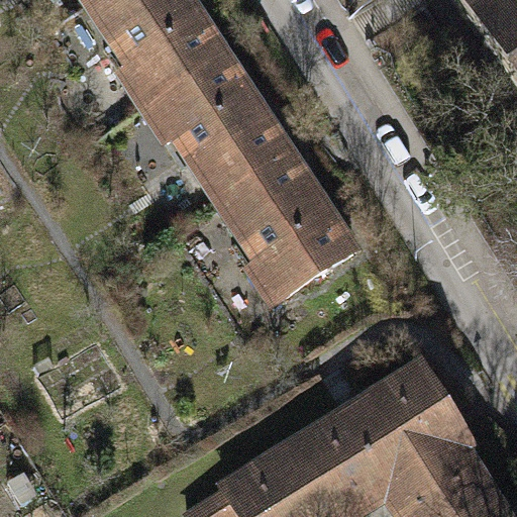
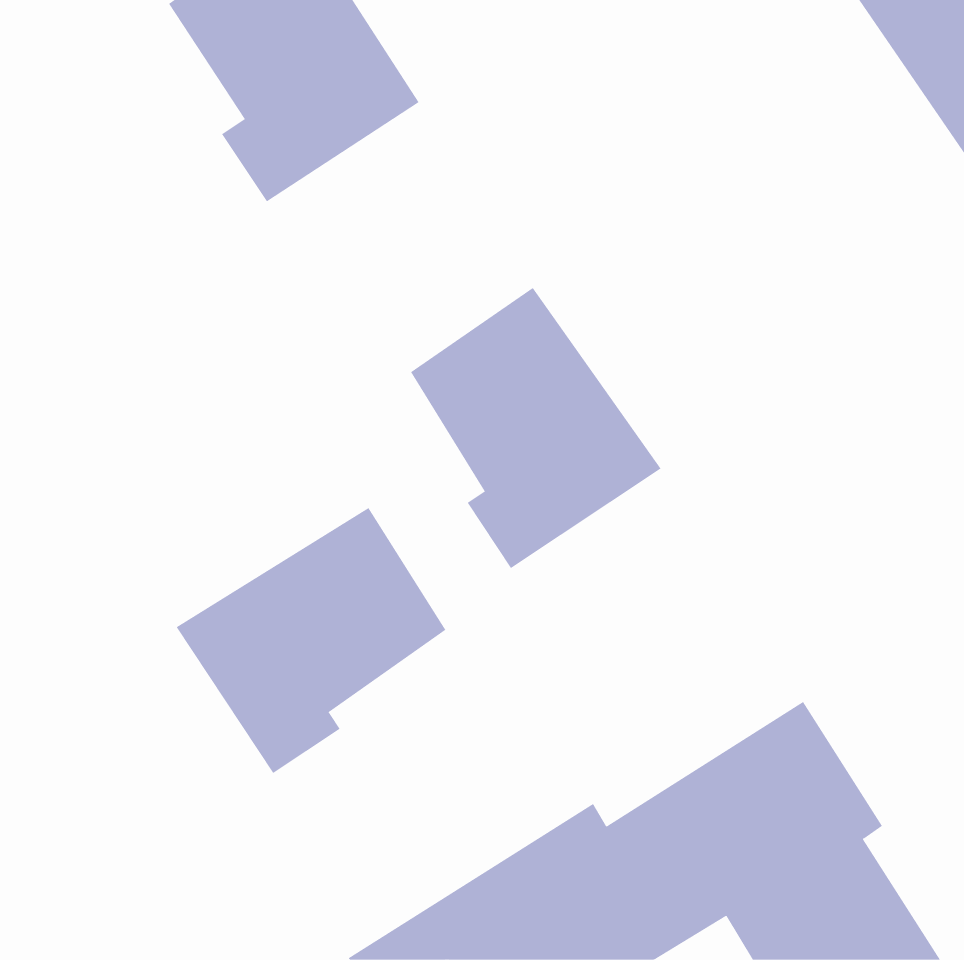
building: [143,55,286,199] -> none
building: none -> [176,507,446,774]

